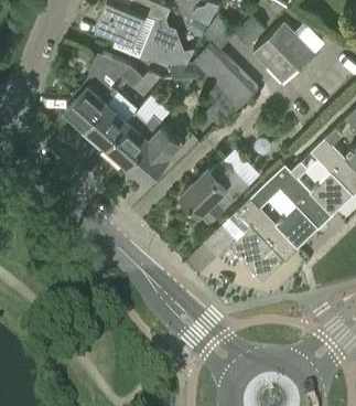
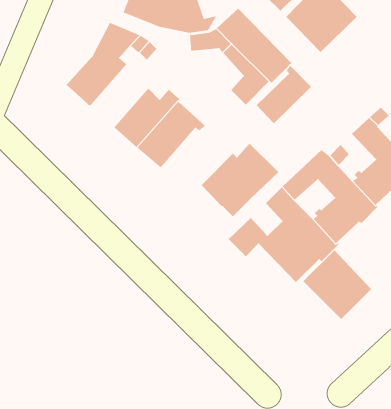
building: [86,92,138,146] -> none
building: none -> [256,65,311,124]
building: none -> [303,250,372,320]

